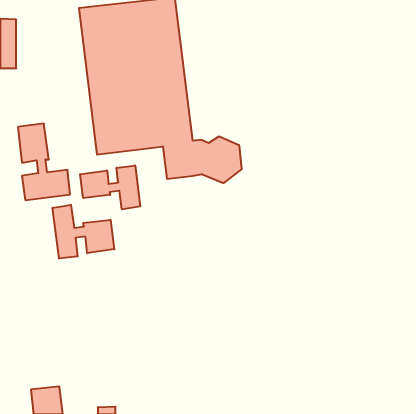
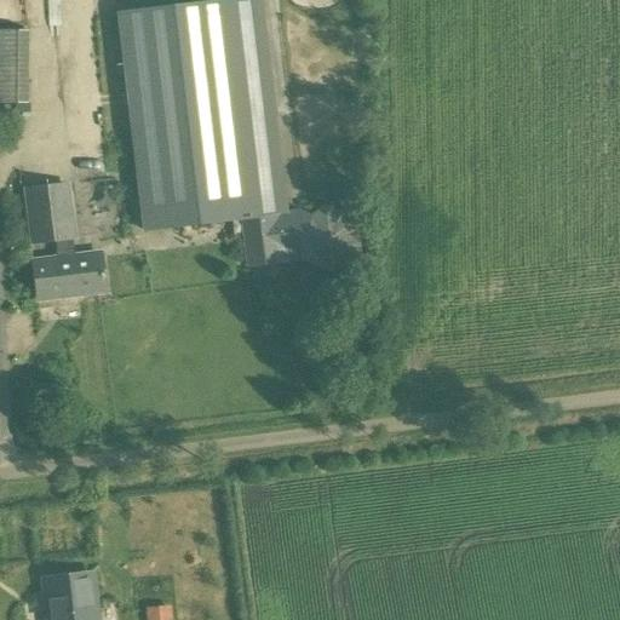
building: [80,165,140,209] -> none
building: [53,205,114,259] -> none

